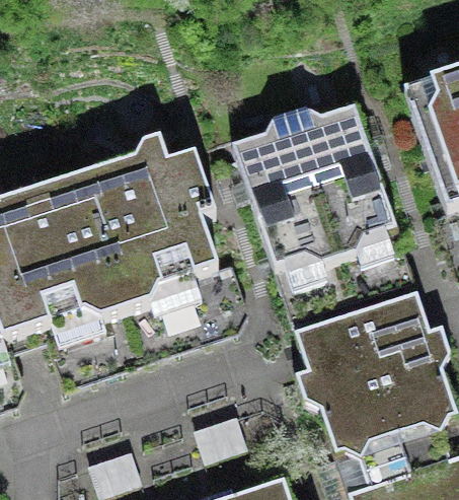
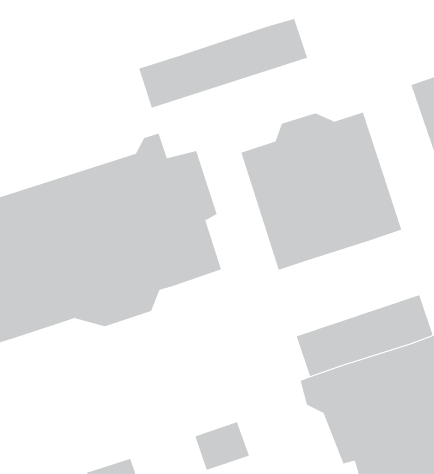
building: none -> [138,18,308,109]

